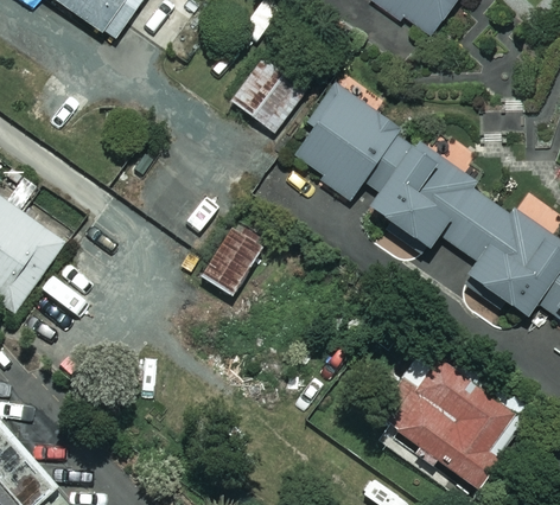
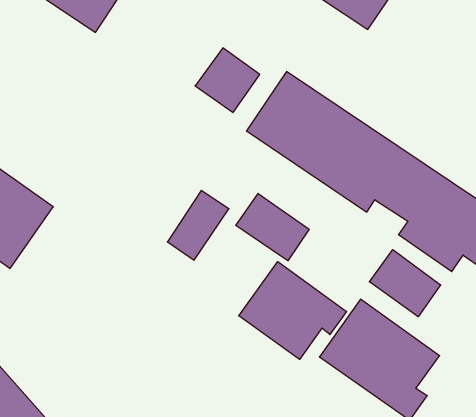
building: none -> [236,193,309,261]
building: none -> [369,250,441,317]
building: none -> [239,262,347,359]

